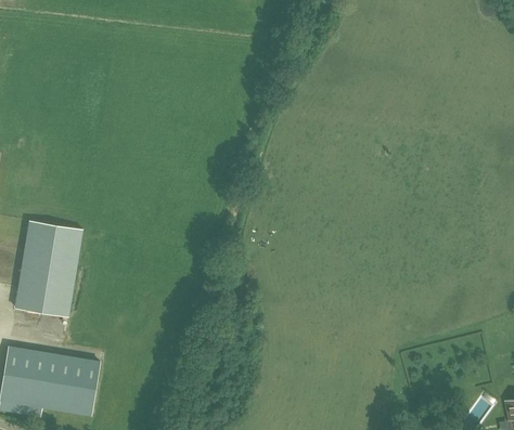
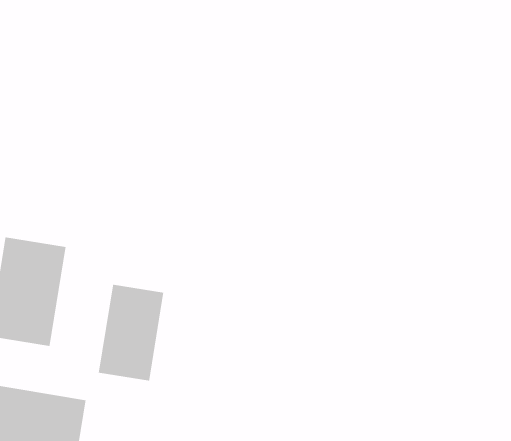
building: none -> [98,284,164,382]

